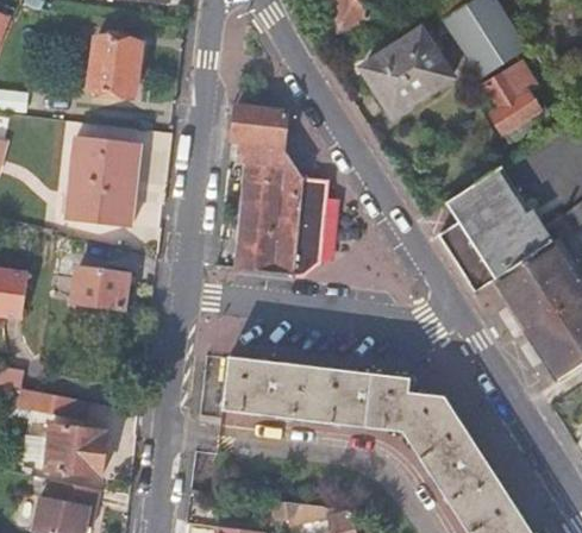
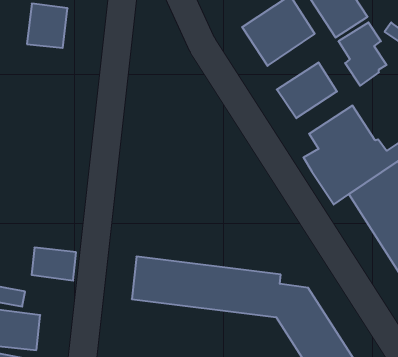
building: [231,104,326,276] -> none
building: none -> [277,62,337,118]
building: [63,134,142,227] -> none
building: [73,268,129,309] -> [32,248,76,281]

